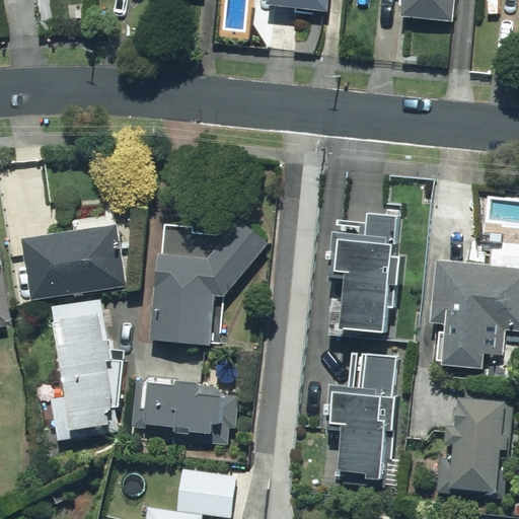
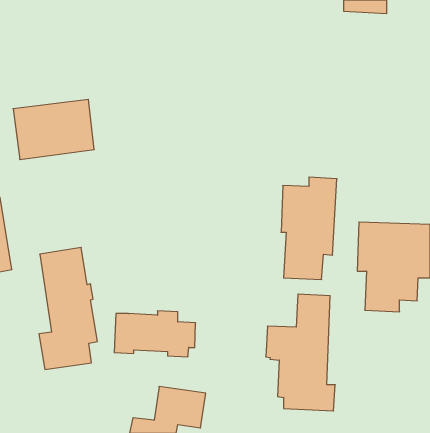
building: [157,210,278,340] -> none
building: [22,226,120,298] -> [13,99,94,160]
building: [435,396,509,497] -> none

